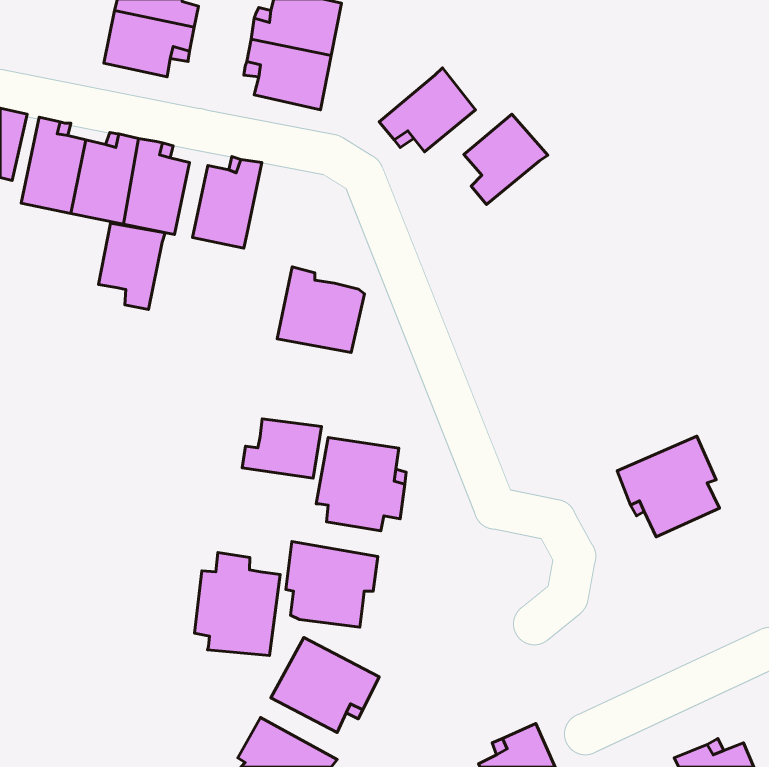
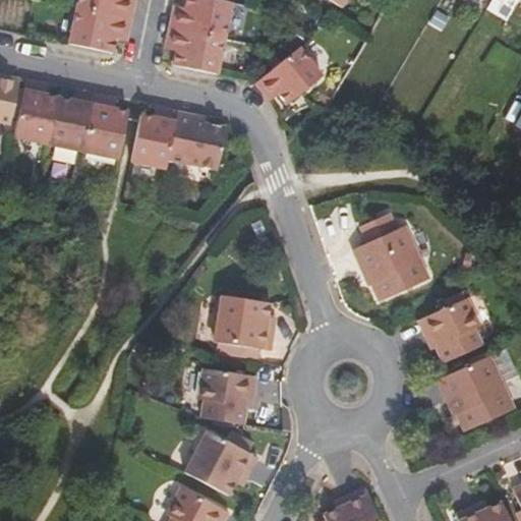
building: [464,114,548,205] -> none
building: [99,223,165,309] -> none
building: [277,267,365,352] -> [167,110,226,168]
building: none -> [353,225,428,299]
building: [242,419,322,478] -> none
building: none -> [438,356,513,431]
building: [195,553,280,655] -> none

